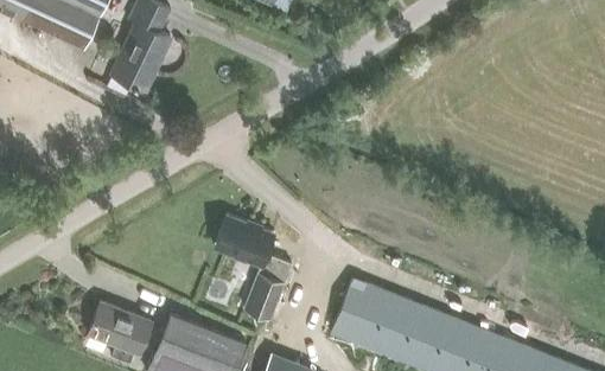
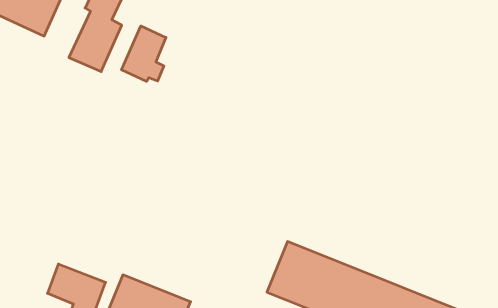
building: none -> [122,26,166,81]
building: [214,215,292,318] -> none

